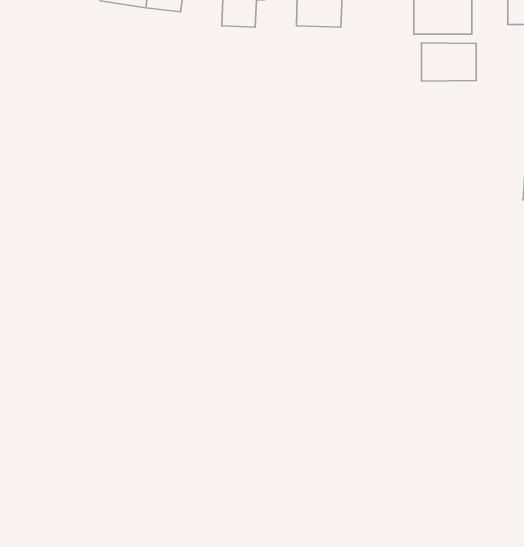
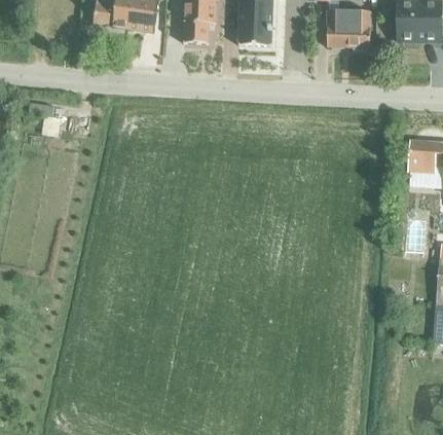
building: [422,43,476,81] -> none

